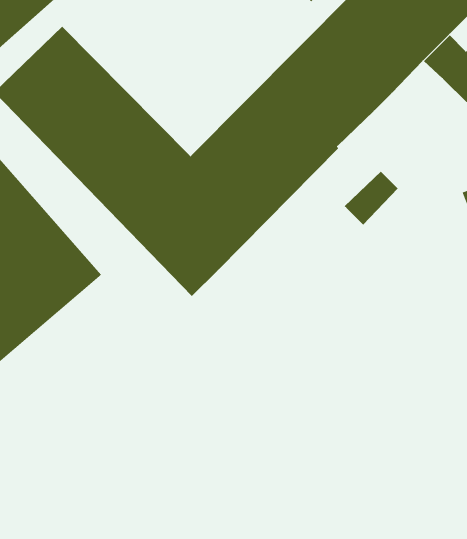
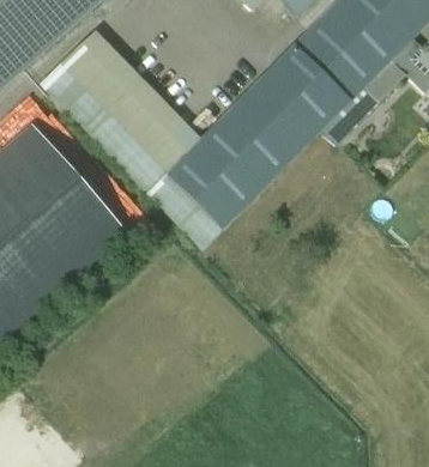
building: none -> [364,59,405,101]
building: [344,171,398,225] -> [320,99,364,144]

